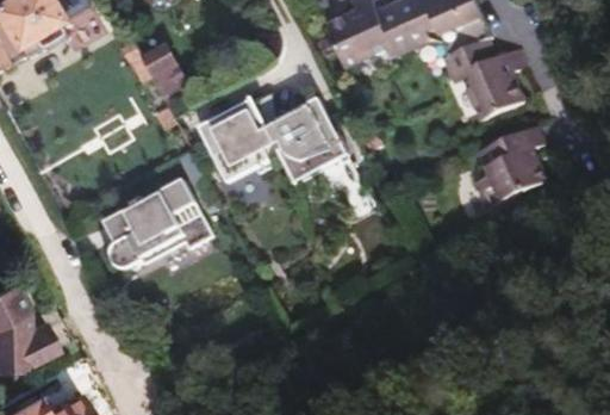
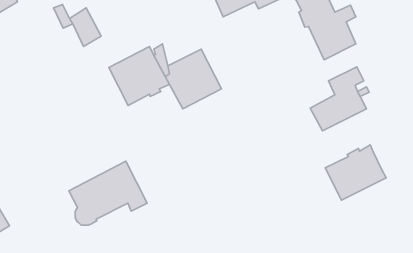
building: [100,181,206,268] -> [69,161,147,225]
building: none -> [325,145,386,200]

